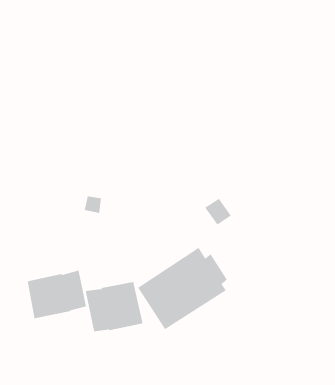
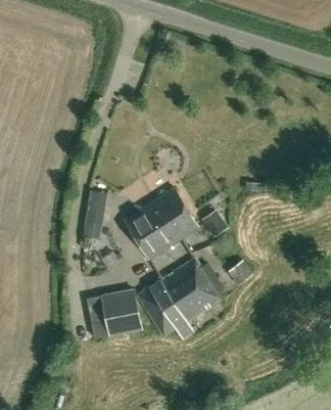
building: none -> [124,188,198,259]
building: [27,270,87,319] -> none

